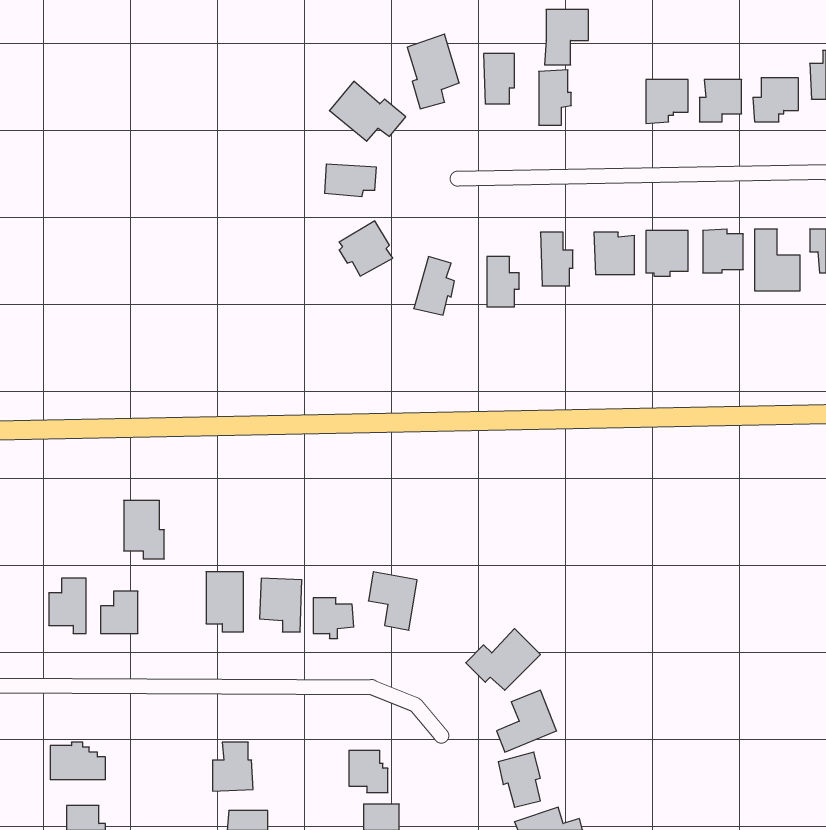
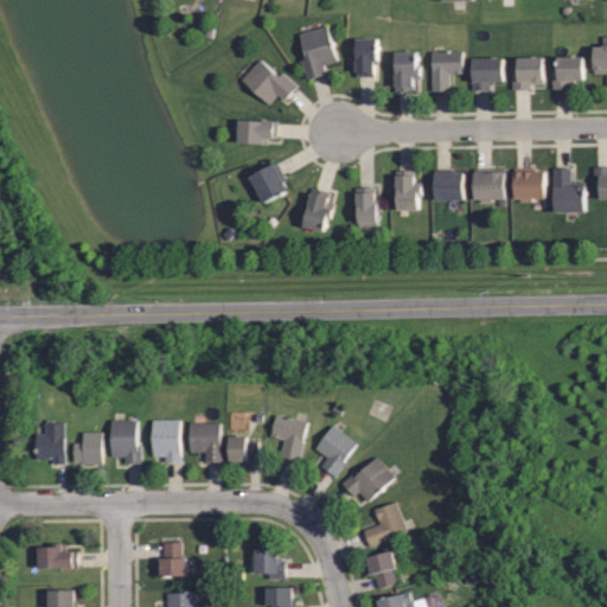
building: [545,10,588,65] -> [429,50,461,90]
building: [124,500,164,559] -> [111,420,141,462]
building: none -> [315,427,357,478]

